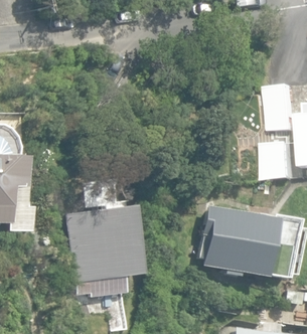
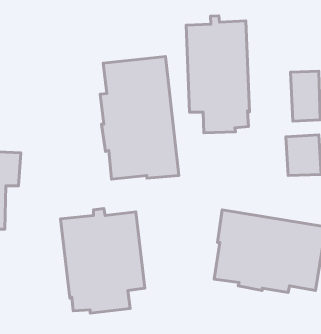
building: none -> [186,16,249,133]
building: none -> [100,57,179,179]

